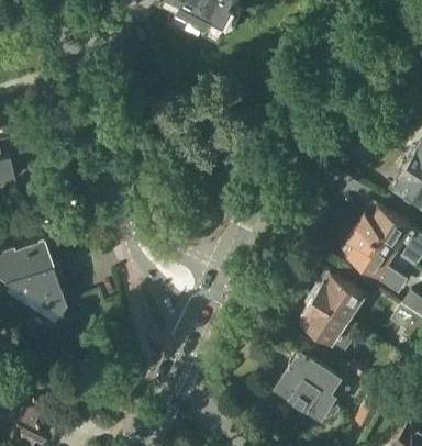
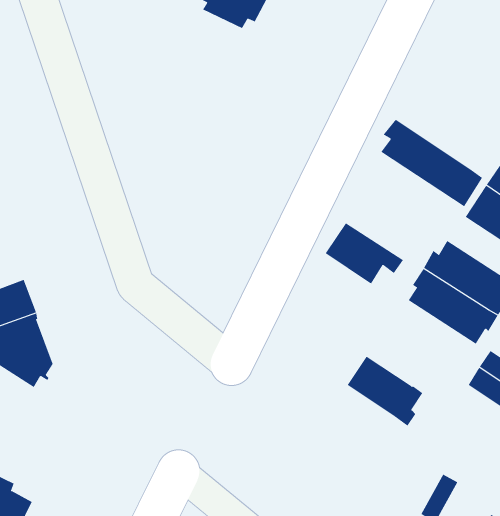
building: none -> [381,119,483,207]
building: [311,274,374,322] -> [325,223,404,284]
building: [275,350,344,420] -> none

